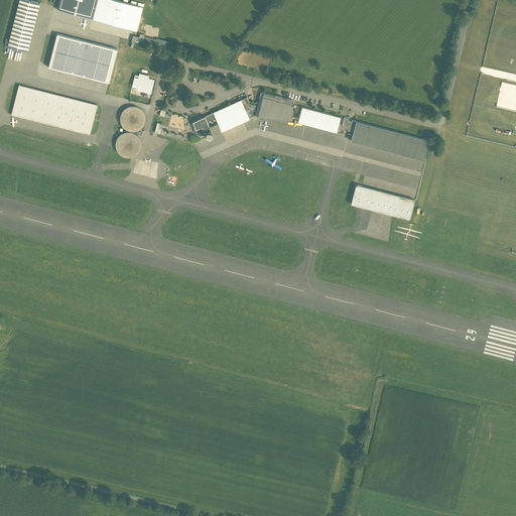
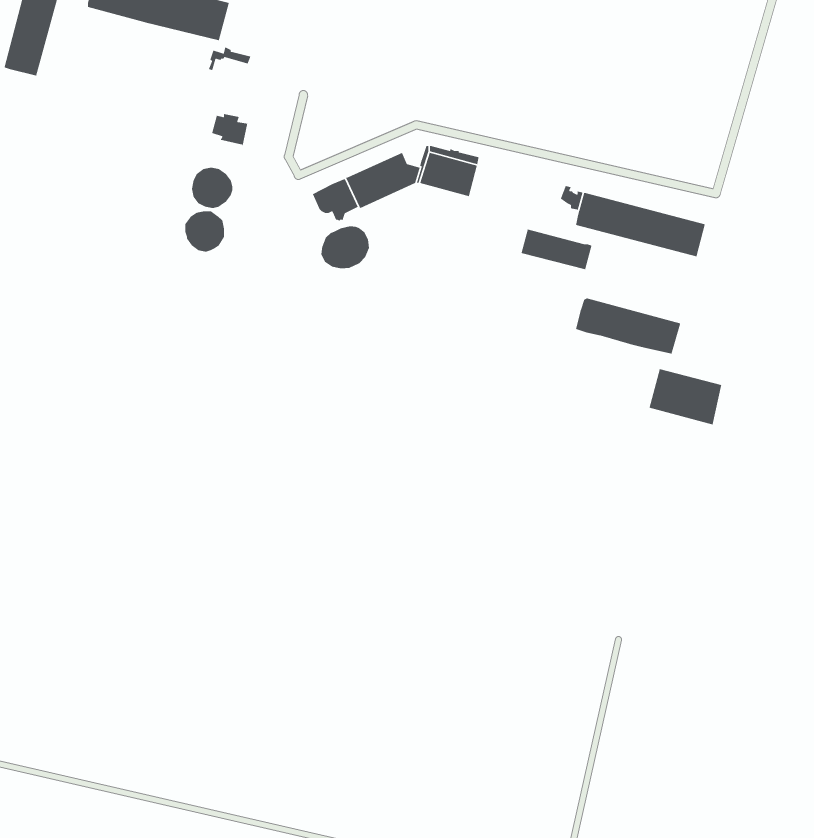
building: [47,34,116,83] -> none
building: [10,85,97,134] -> none
building: [296,107,340,132] -> [521,228,593,270]
building: none -> [321,226,370,269]
building: none -> [648,368,722,425]

